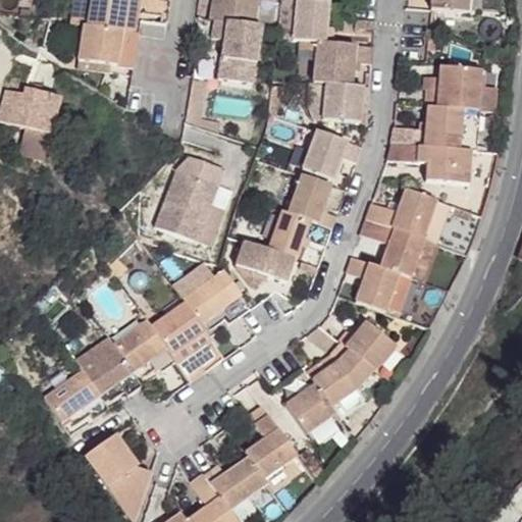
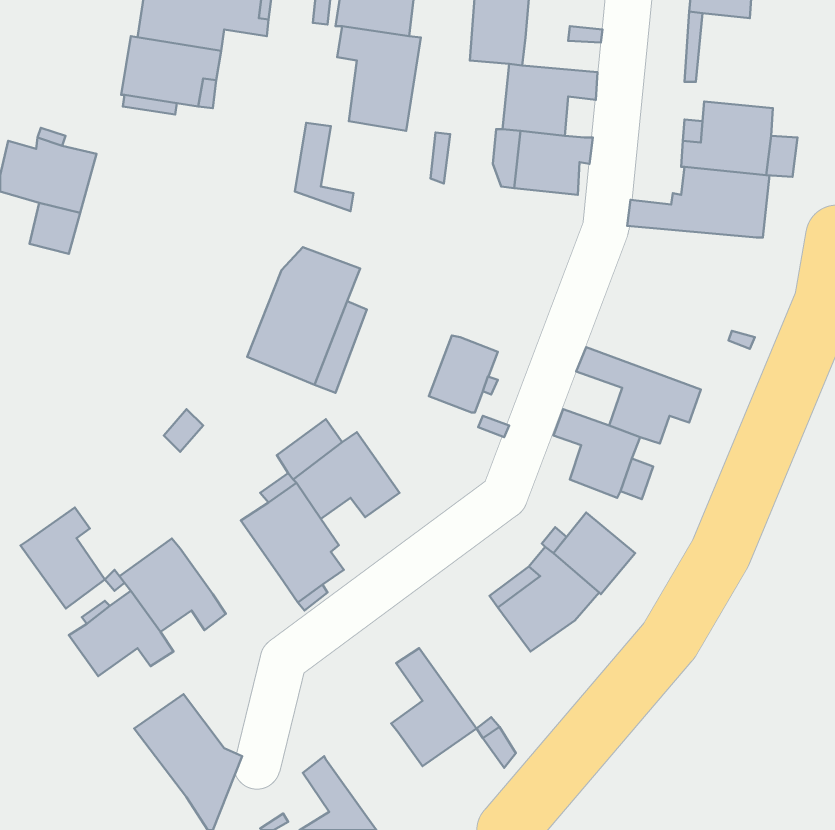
building: [302,128,362,178] -> none
building: [387,141,472,182] -> none
building: [288,172,337,227] -> none
building: [366,188,451,243] -> none
building: [236,239,295,285] -> none
building: none -> [21,508,105,608]
building: [113,318,175,370] -> none
building: [285,382,336,432] -> none
building: [204,456,268,509] -> none

